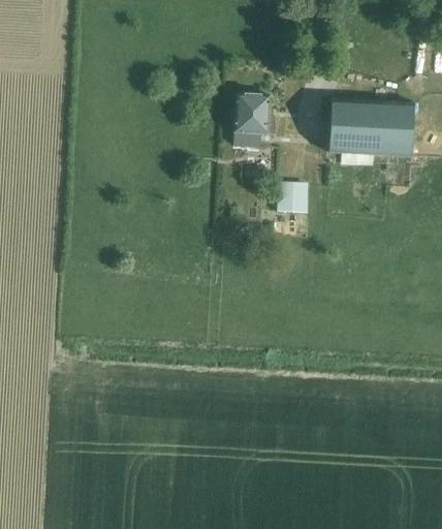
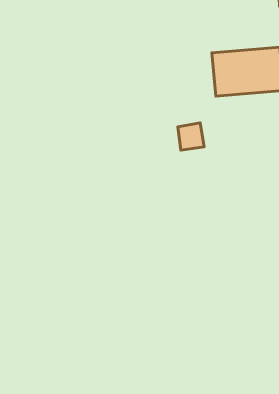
building: [233,94,276,147] -> none

